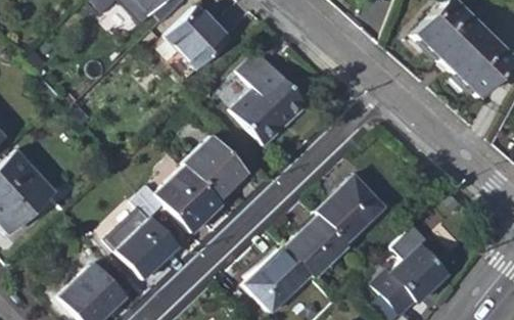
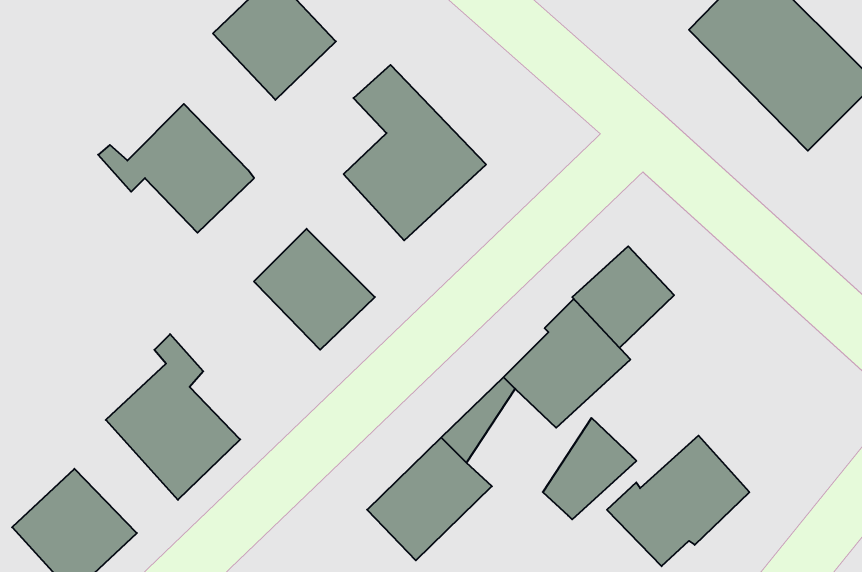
building: none -> [572,246,674,348]
building: [142,167,224,234] -> [98,104,254,233]
building: [297,222,346,275] -> [543,418,636,519]

